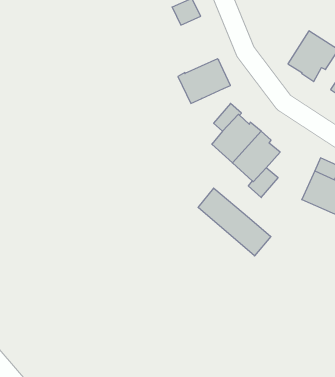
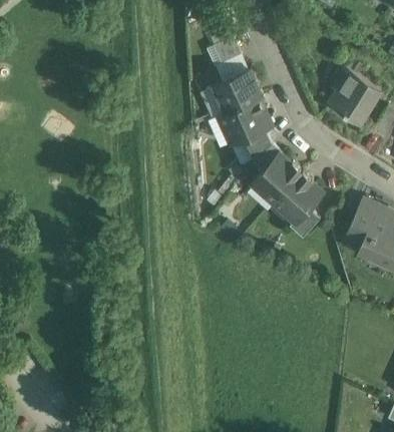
building: none -> [213,70,263,114]
building: none -> [242,129,271,164]
building: [198,188,271,256] -> none

